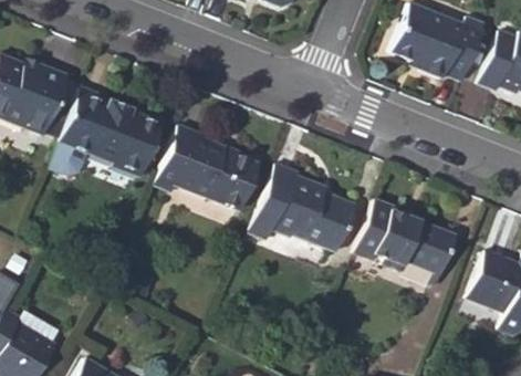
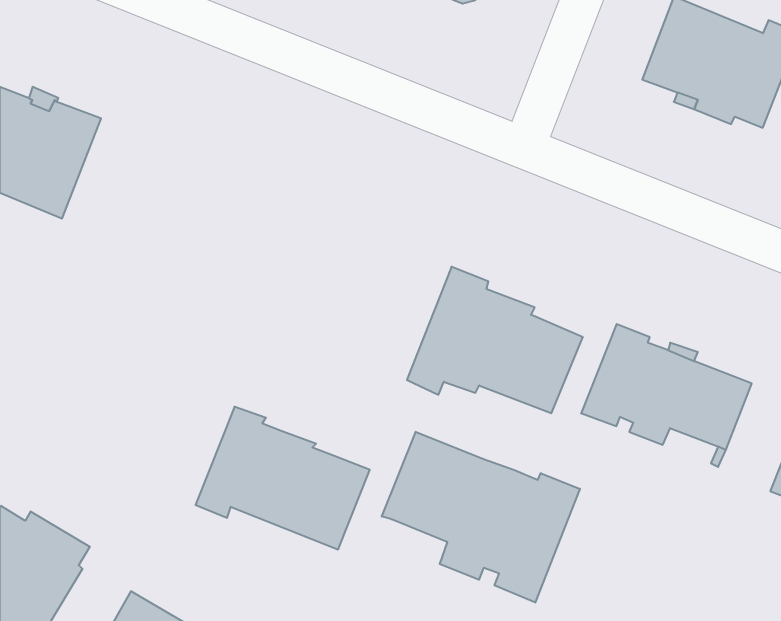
building: [49,86,163,177] -> none
building: [155,126,259,211] -> [196,407,370,549]
building: none -> [382,432,580,603]

